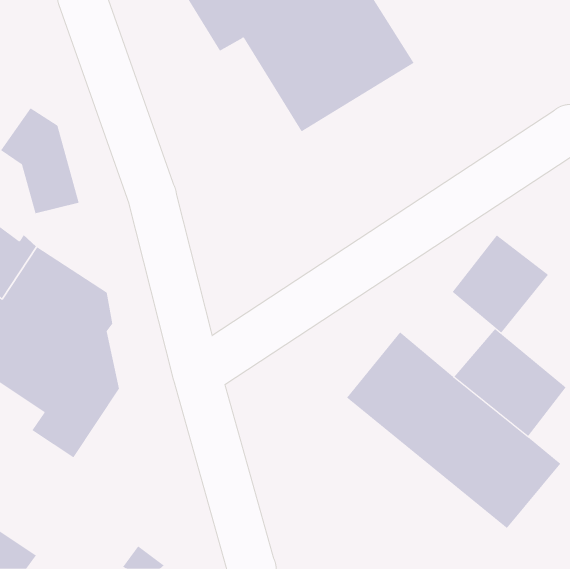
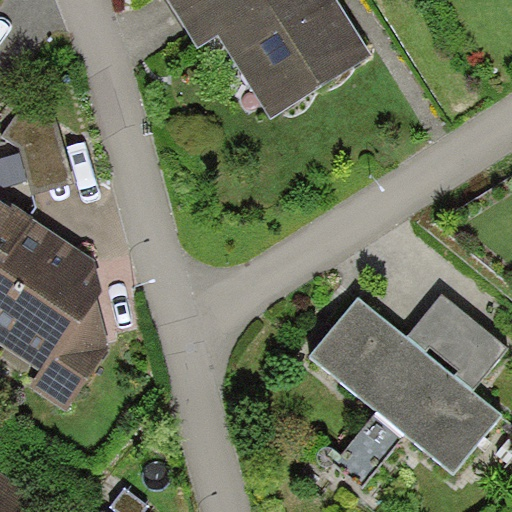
building: [452,235,549,333] -> none

